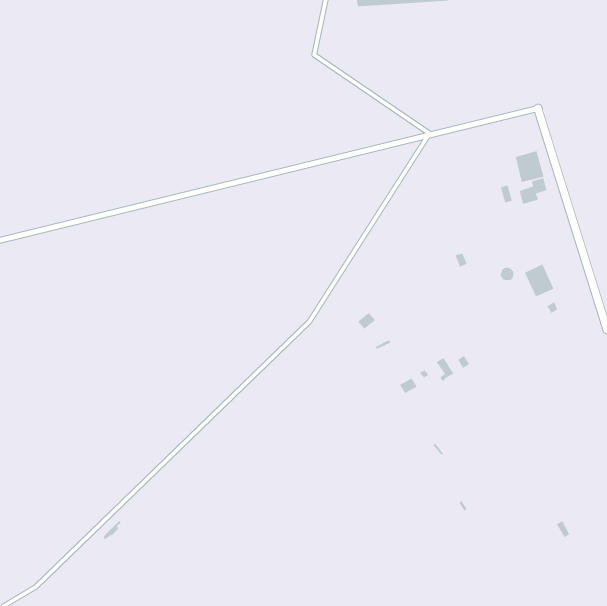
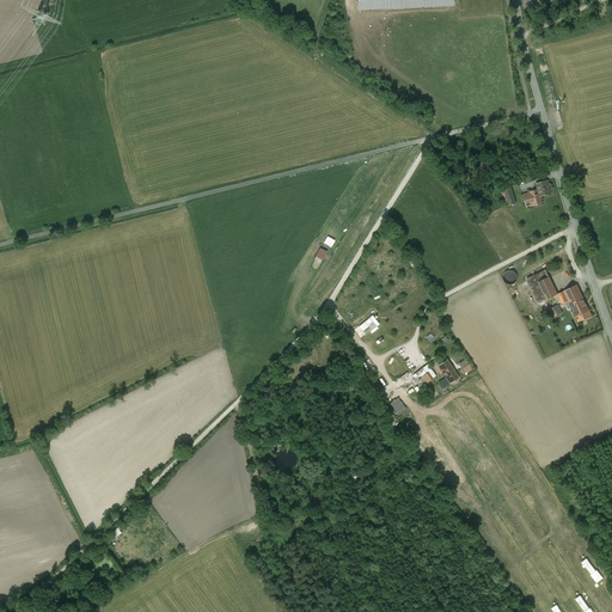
building: [515,150,545,183] -> none
building: none -> [557,280,592,318]

